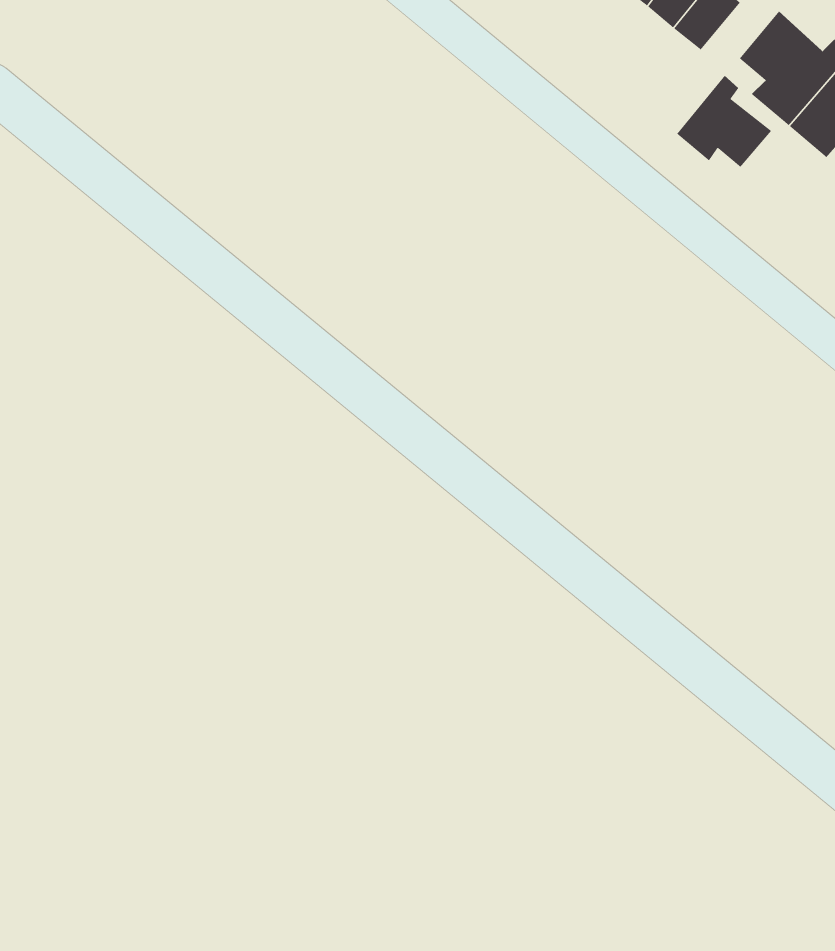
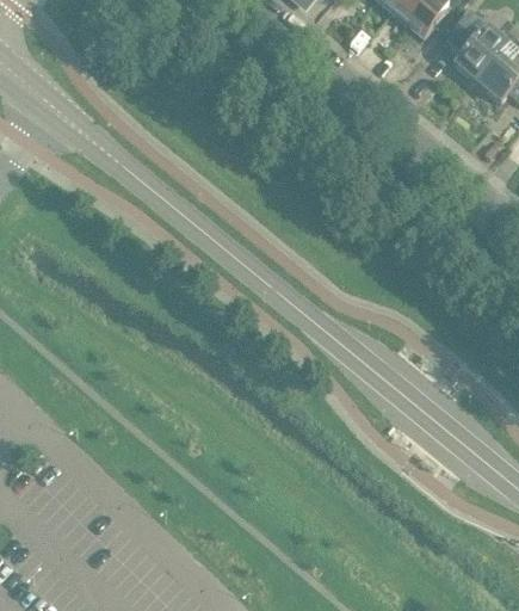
building: [676,75,772,168] -> none

